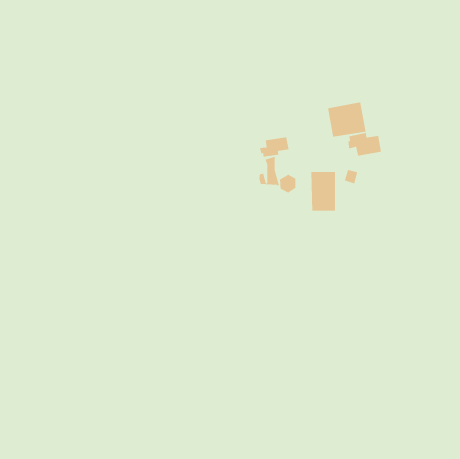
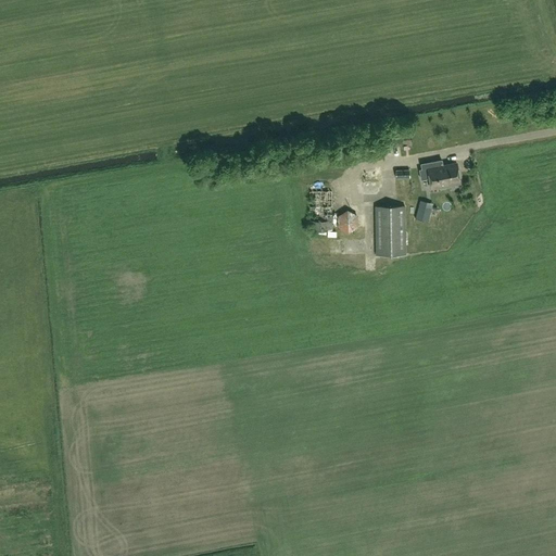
building: [327,102,367,137] -> none
building: [259,137,289,157] -> none

